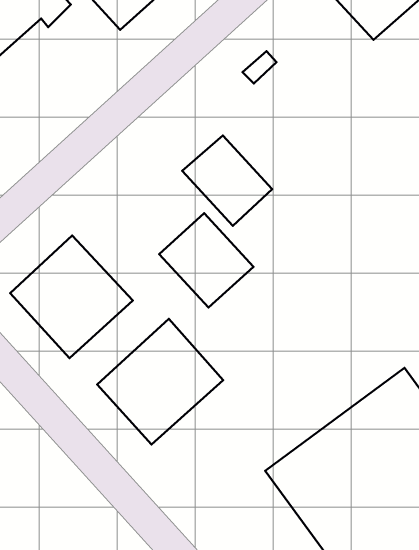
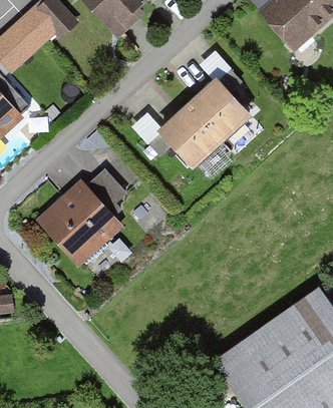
building: [159,213,254,308] -> [186,83,253,150]
building: none -> [86,170,126,212]
building: [97,319,223,444] -> none

